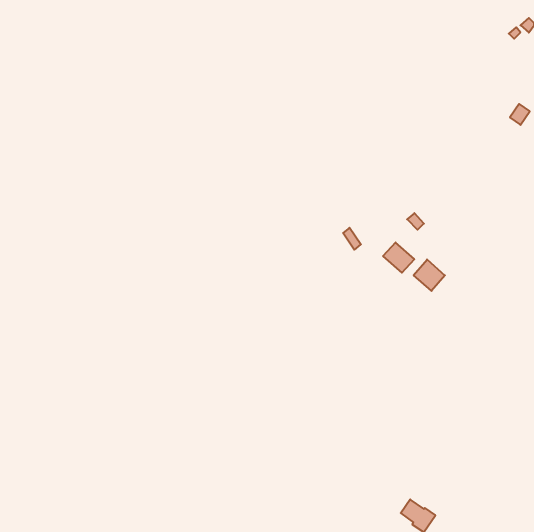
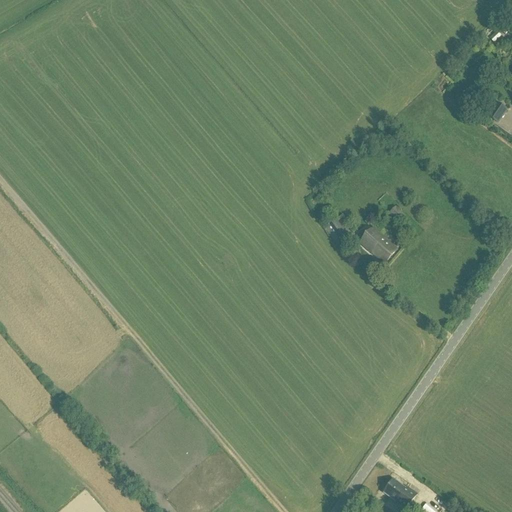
building: [414,259,445,291] -> none

